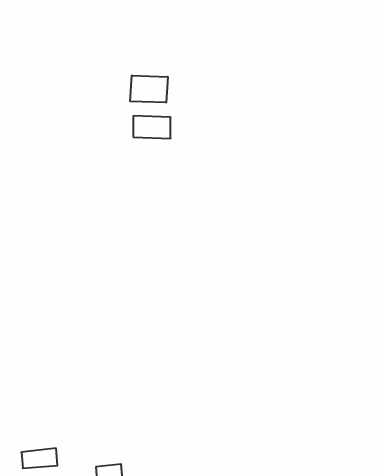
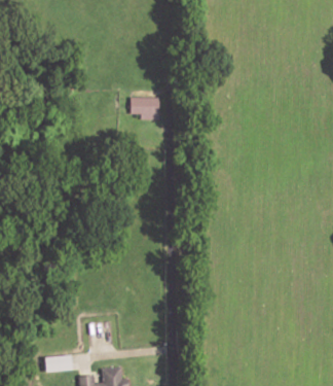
building: [130,75,168,103] -> none

